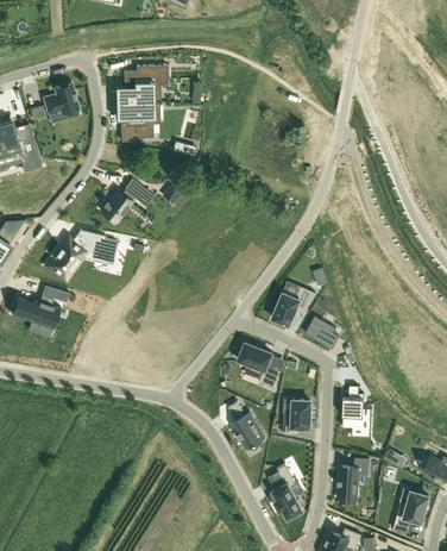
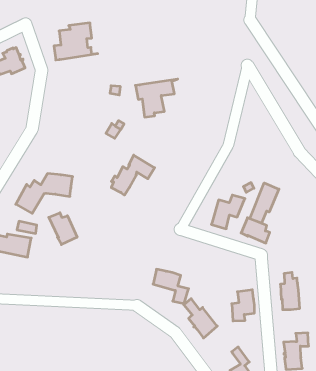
building: [114,102,164,142] -> [135,79,178,117]
building: [100,177,153,223] -> [111,155,155,195]
building: none -> [250,183,279,223]
building: none -> [49,213,77,245]
building: [238,343,278,387] -> [153,269,189,304]

